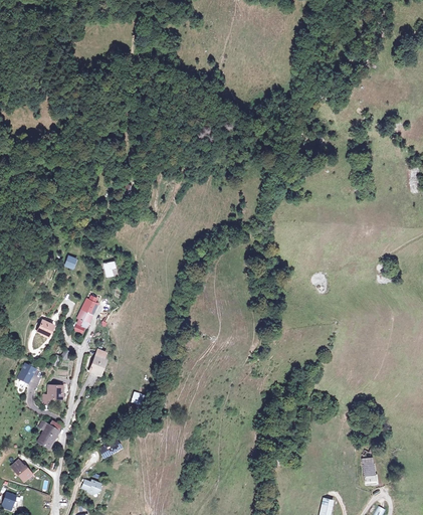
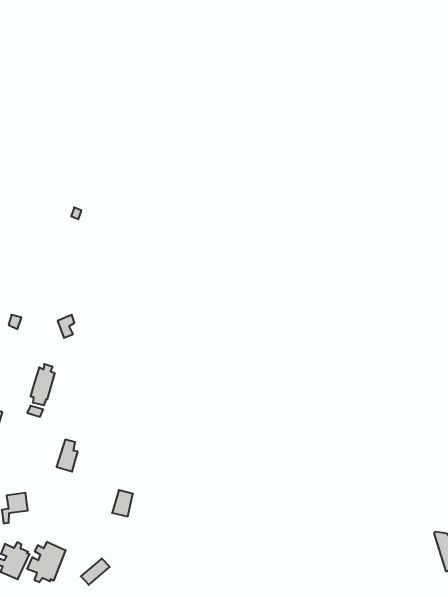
building: none -> [27,542,66,582]

